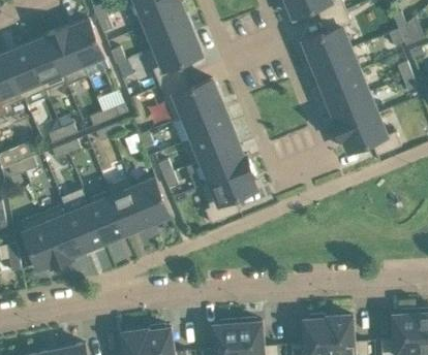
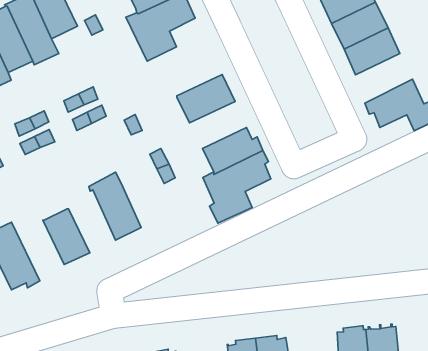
building: [160,78,221,123] -> none
building: [331,94,377,133] -> none
building: [192,126,239,163] -> none
building: [133,179,171,225] -> none
building: [86,192,126,244] -> none
building: [41,205,83,264] -> none

